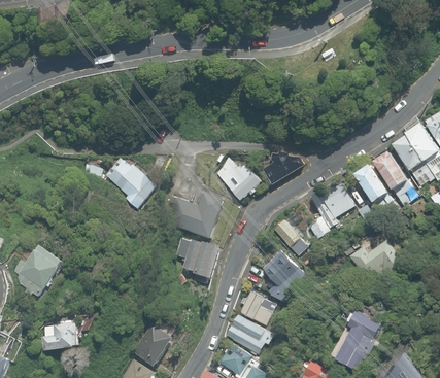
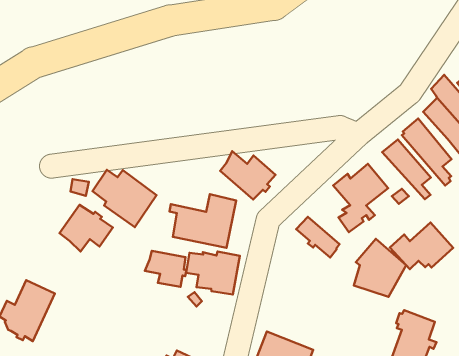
building: [263,152,305,185] -> none
building: none -> [60,205,113,252]
building: none -> [145,251,186,287]
building: [258,250,304,301] -> [354,239,406,297]
building: [240,291,276,324] -> none

